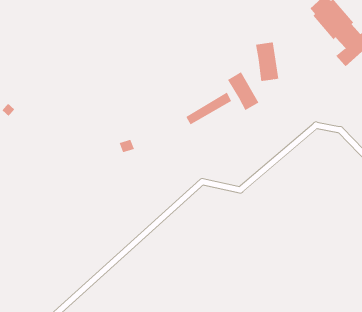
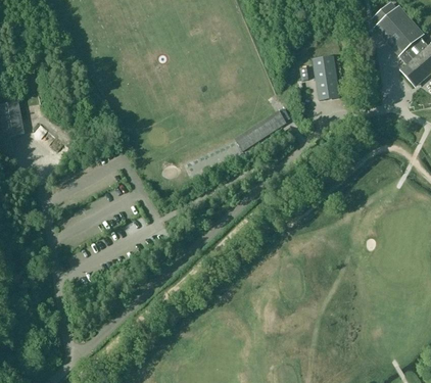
building: [227,72,259,111] -> none

